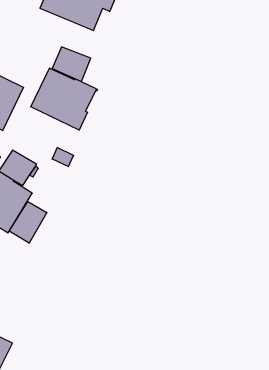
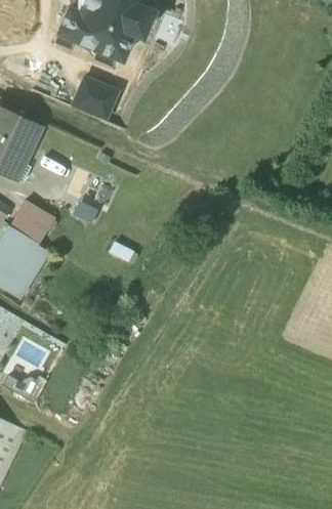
building: [31,68,97,130] -> none
building: [9,202,47,243] -> none

